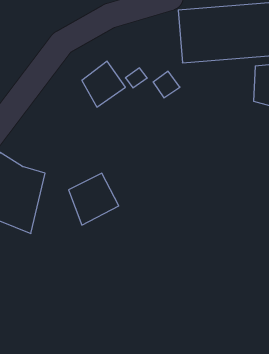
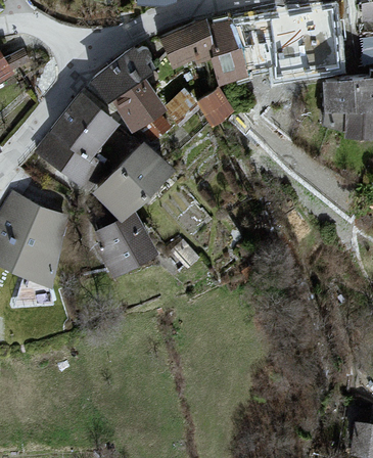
building: none -> [167,25,223,72]
building: none -> [89,47,152,105]
building: none -> [36,94,119,188]
building: none -> [92,143,173,222]

